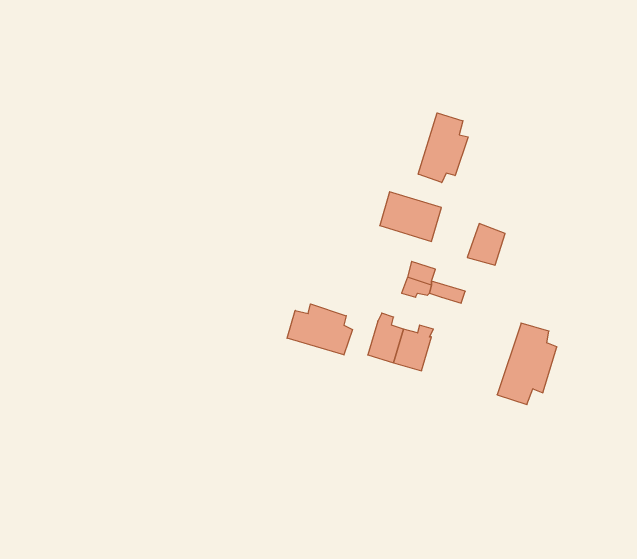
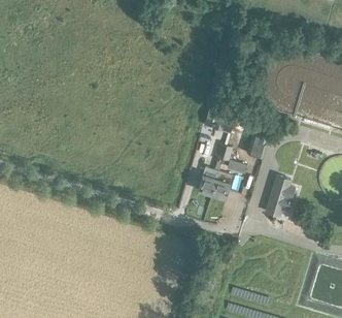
building: [418,113,468,183] -> none
building: [287,304,352,355] -> none

